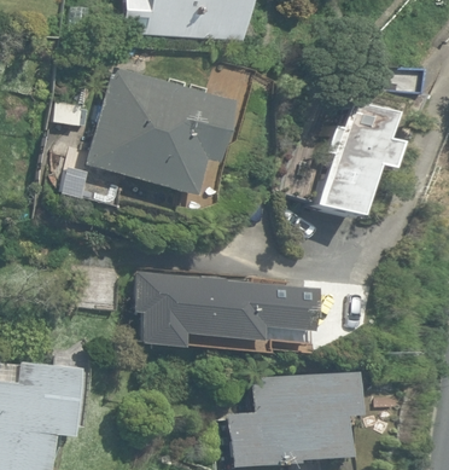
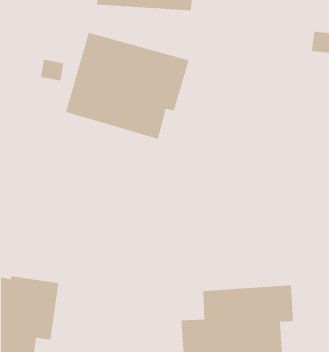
building: [313,101,387,219] -> none
building: [135,271,316,348] -> none

